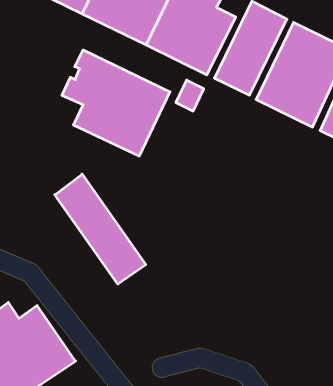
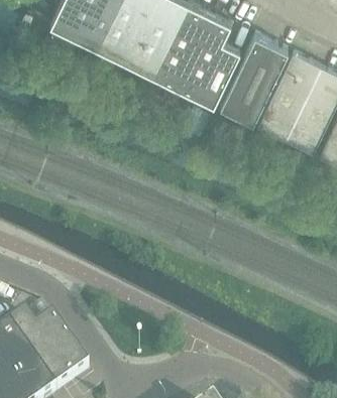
building: [62,50,170,156] -> none
building: [55,174,146,284] -> none

